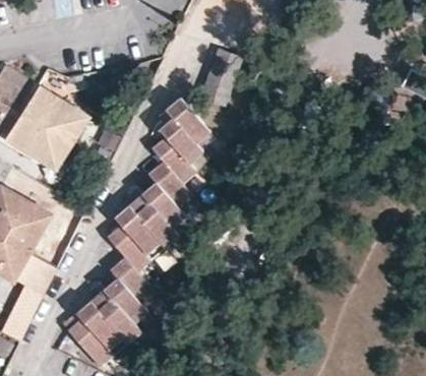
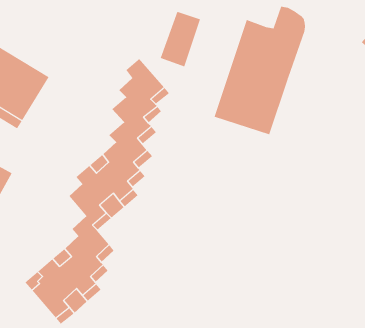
building: none -> [214,6,305,135]

